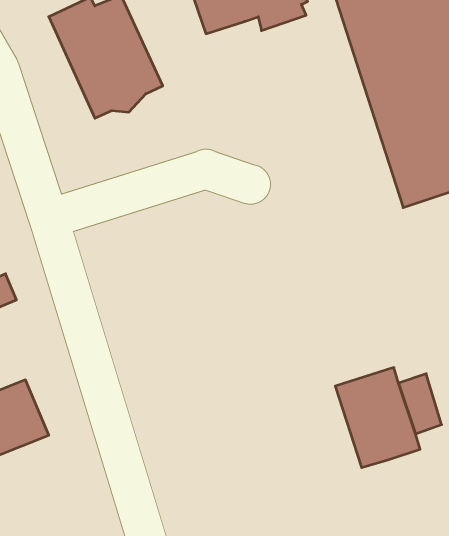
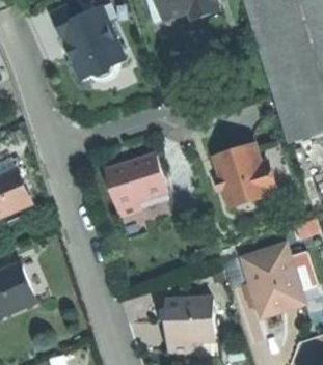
building: none -> [213,144,275,206]
building: none -> [107,155,167,215]
building: none -> [165,299,215,353]

